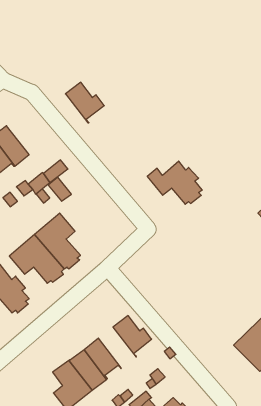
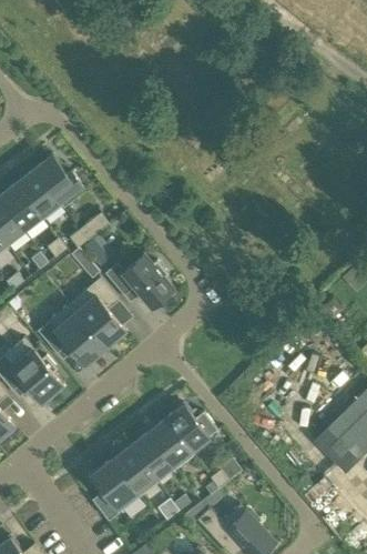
building: [65,82,104,123] -> [33,157,81,207]
building: [147,161,202,204] -> [104,254,172,308]
building: none -> [146,420,193,470]

